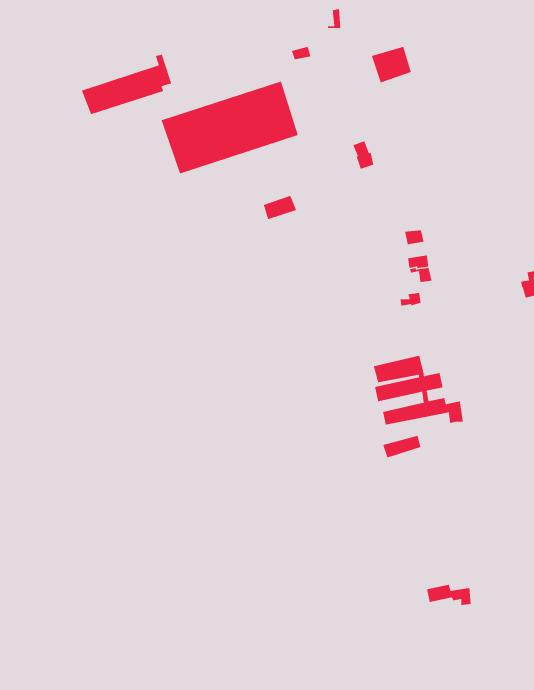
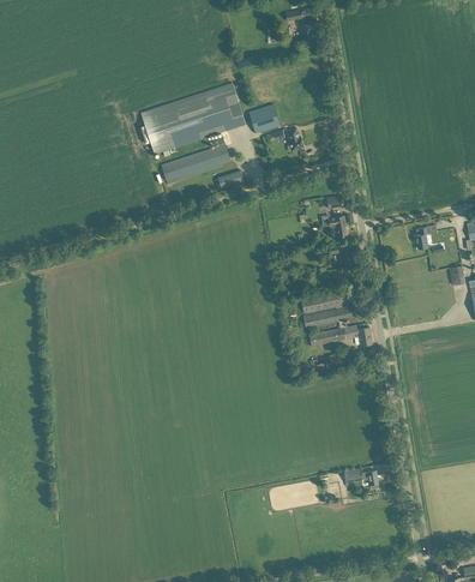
building: [371,46,412,84] -> [249,103,281,132]
building: [81,54,172,115] -> [161,137,230,184]

